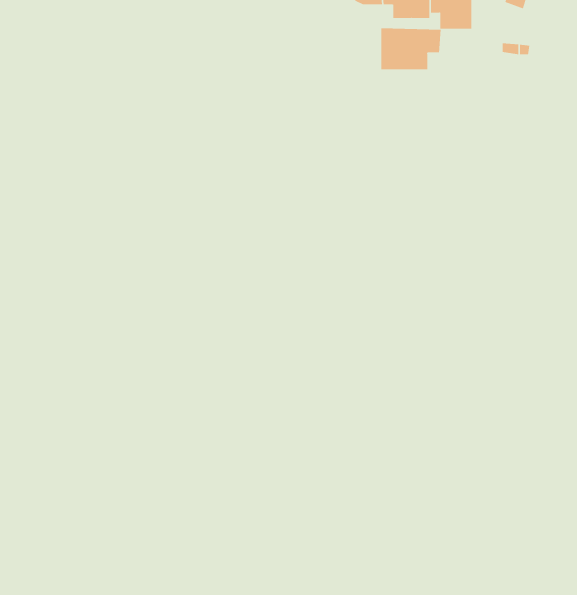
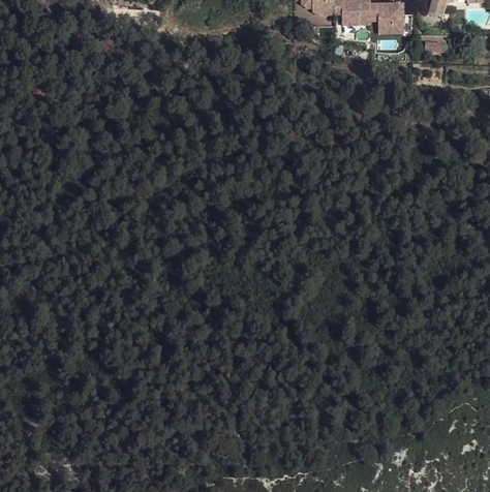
building: [381,28,441,70] -> none

